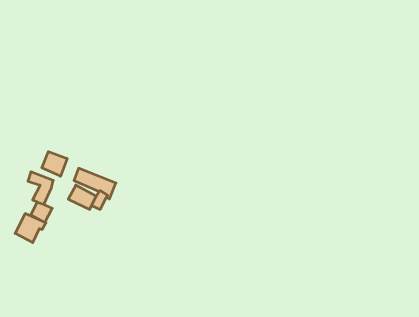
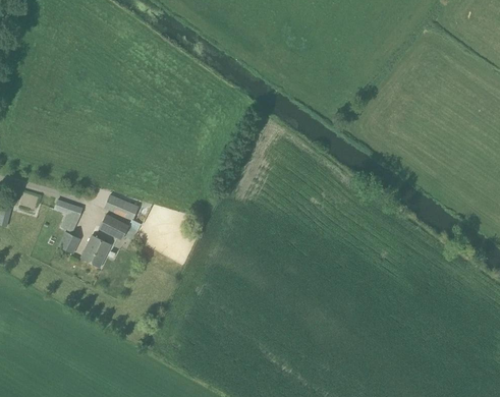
building: [42,152,67,176] -> none
building: [15,214,46,243] -> [80,234,114,266]

